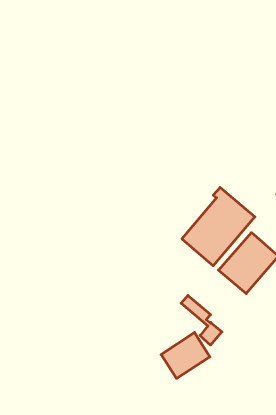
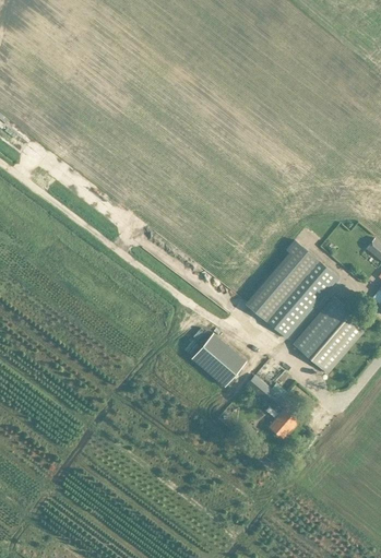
building: none -> [191,332,247,388]
building: [161,332,210,378] -> none

